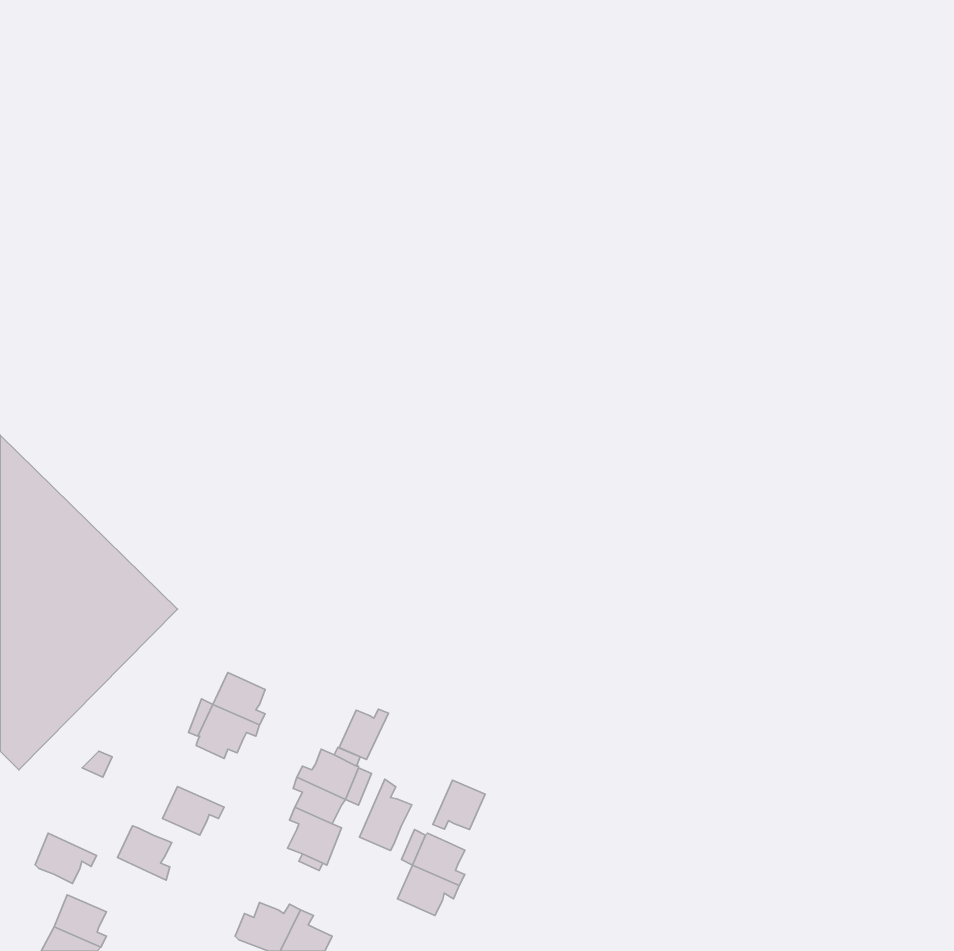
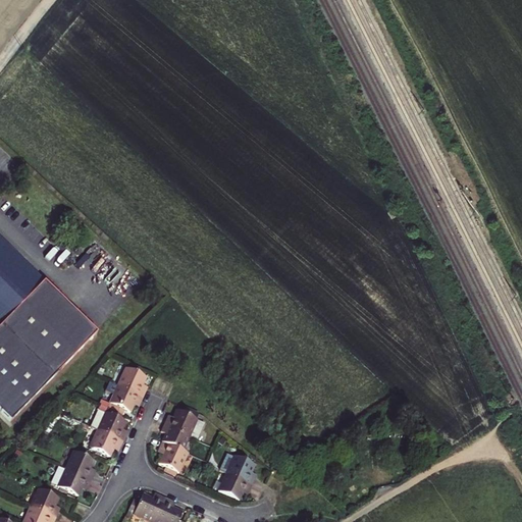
building: [339,709,388,759] -> none
building: none -> [97,404,125,440]
building: [359,779,412,850] -> none
building: [433,780,485,830] -> none
building: [35,833,97,883] -> [57,468,91,495]

